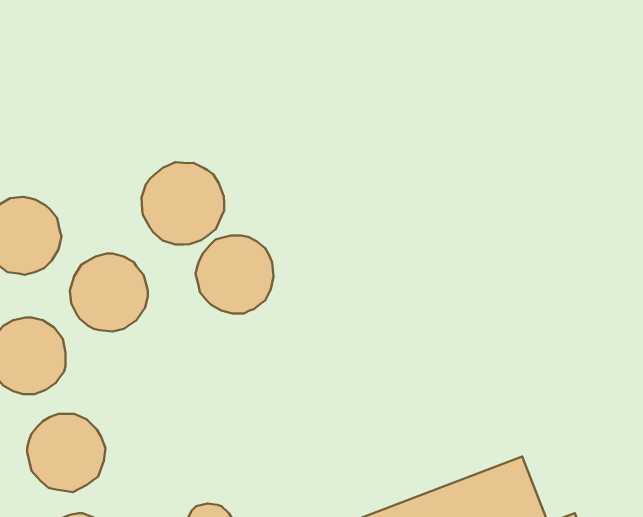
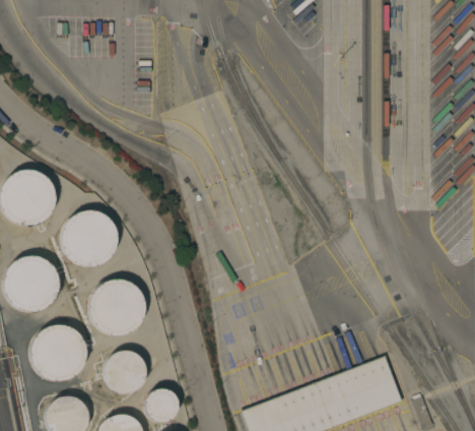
building: [142,162,224,244] -> none
building: [196,235,274,313] -> [89,280,145,335]
building: none -> [105,351,146,392]

